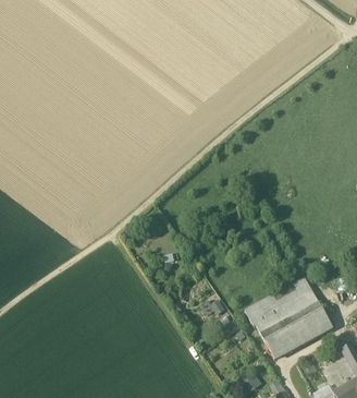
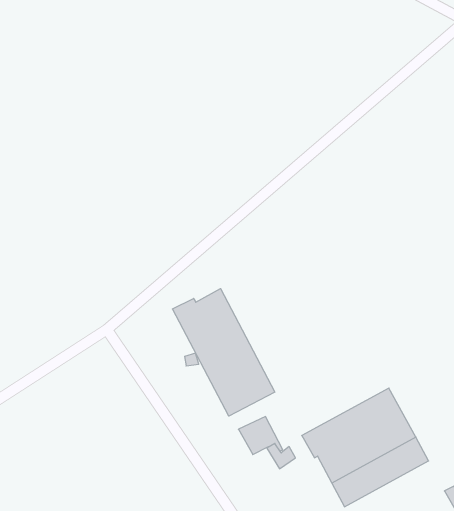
building: none -> [172,289,275,416]

